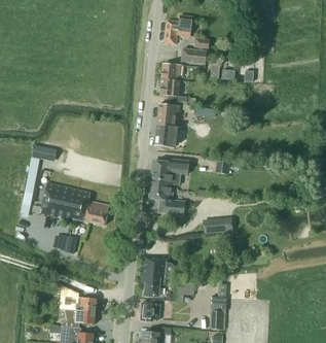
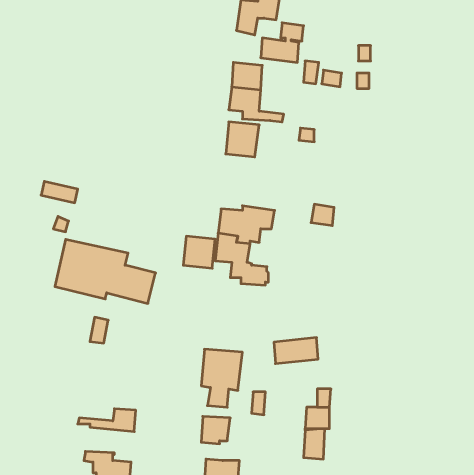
building: [154,125,176,146] -> [183,236,215,268]
building: [203,215,232,233] -> [274,338,318,364]
building: [62,309,95,327] -> none

